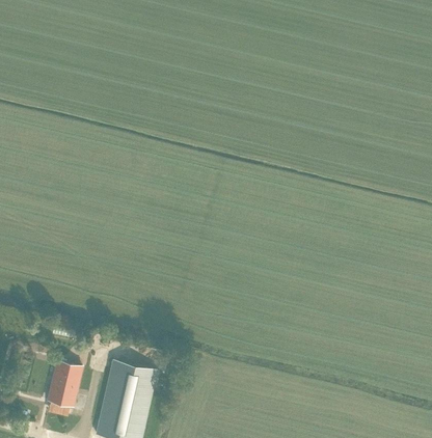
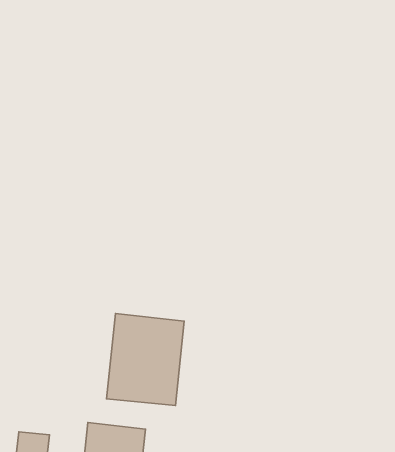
building: none -> [107,313,184,406]

